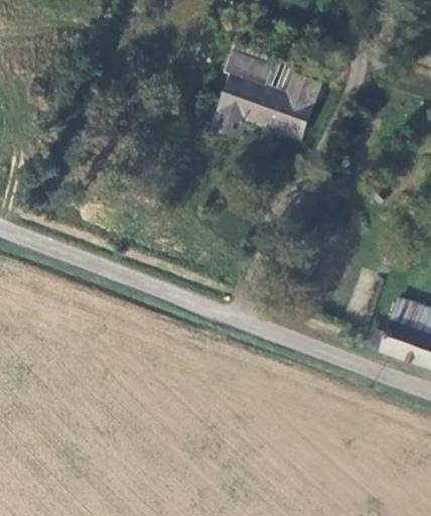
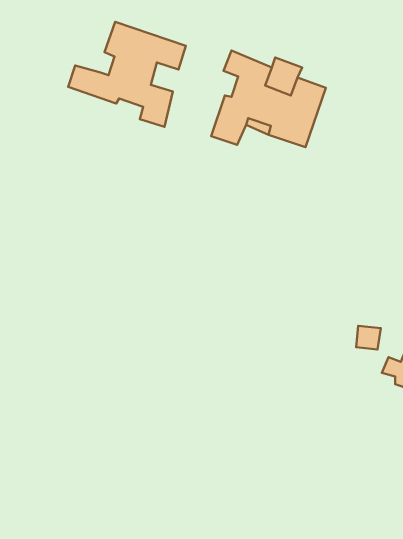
building: none -> [68,22,186,127]

